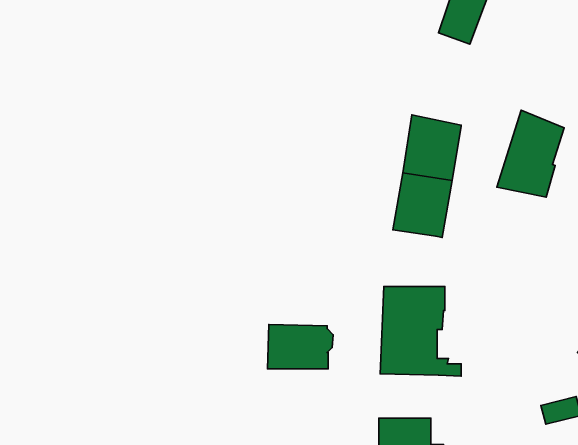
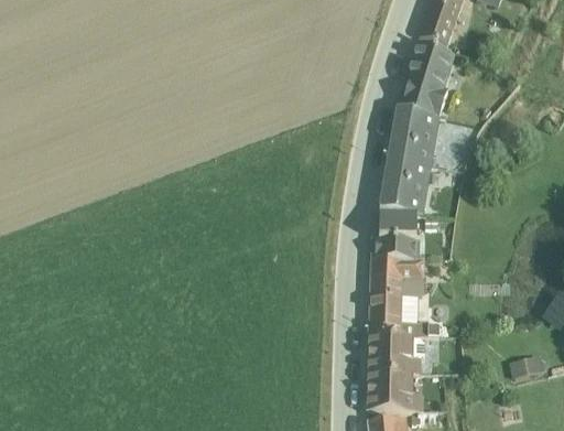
building: [497,110,564,197] -> [395,42,454,118]
building: none -> [371,209,419,259]
building: [268,325,333,369] -> [367,335,424,374]

